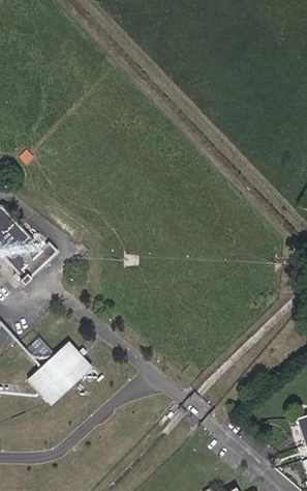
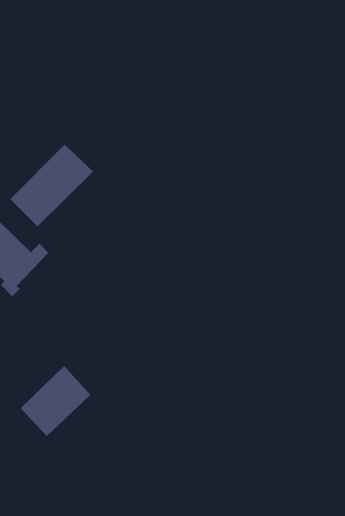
building: none -> [10,144,94,227]

